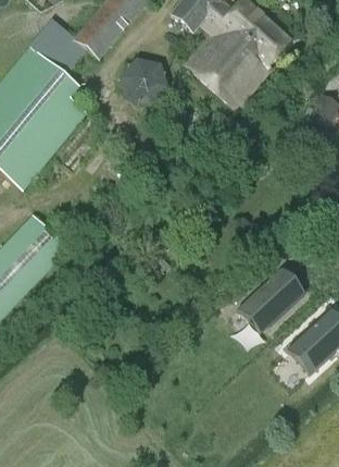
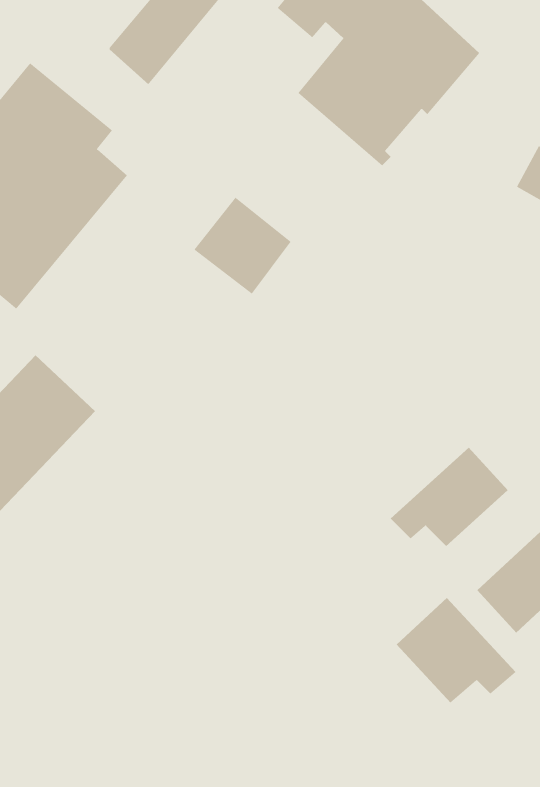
building: [30,19,88,76] -> none
building: [117,50,174,107] -> [194,197,292,295]
building: none -> [396,597,517,703]

